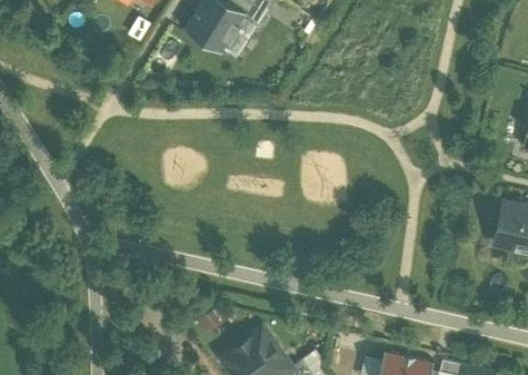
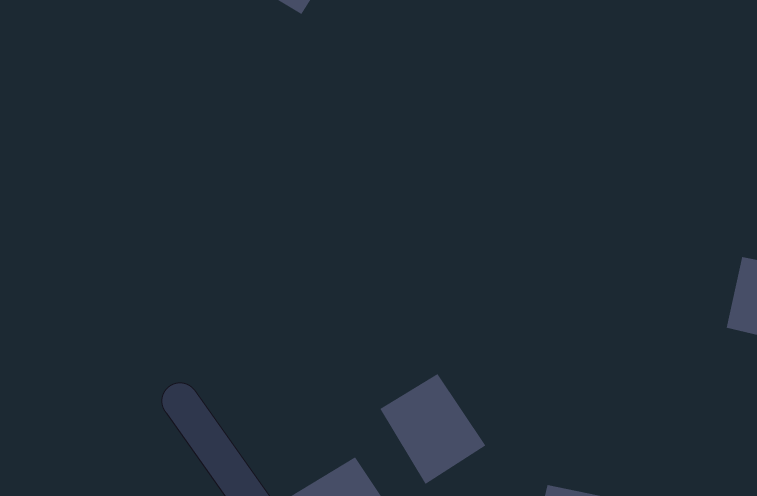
building: none -> [380,373,486,485]

